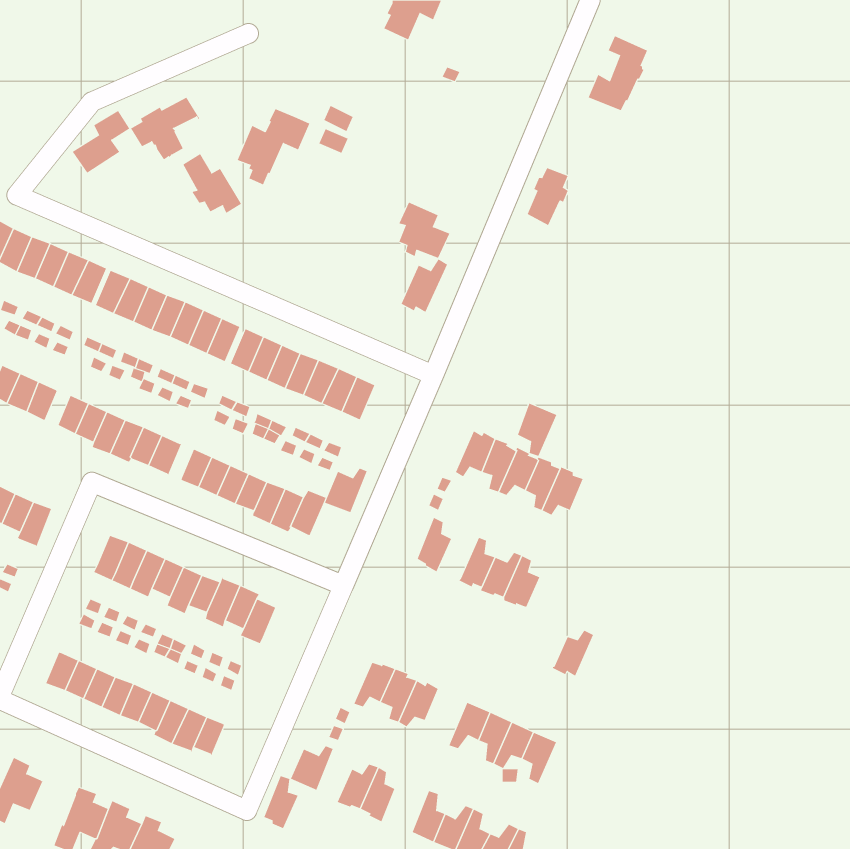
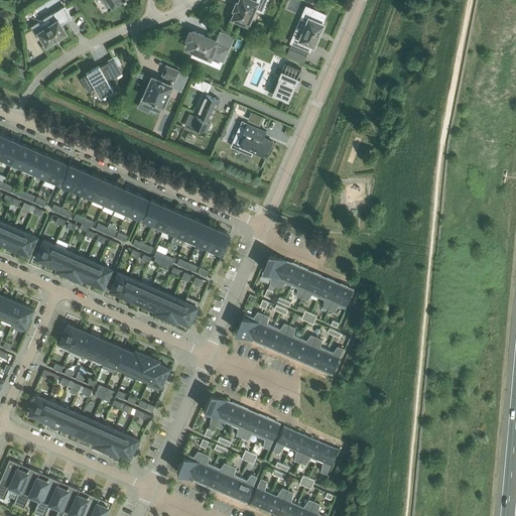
building: [588,36,648,111] -> [289,7,326,52]
building: none -> [186,32,233,62]
building: [72,110,130,173] -> [35,8,71,46]
building: [182,153,242,214] -> none
building: none -> [191,96,219,132]
building: [527,168,569,226] -> [274,66,299,101]
building: [401,259,448,313] -> none
building: [517,403,557,456] -> [262,255,286,287]
building: [324,468,368,513] -> [236,312,262,340]
building: none -> [264,324,289,352]
building: [552,630,594,676] -> [317,347,343,375]
building: none -> [201,395,225,427]
building: none -> [257,418,278,450]
building: none -> [12,469,45,509]
building: [263,776,298,829] -> [191,455,213,487]
building: none -> [231,475,256,503]

